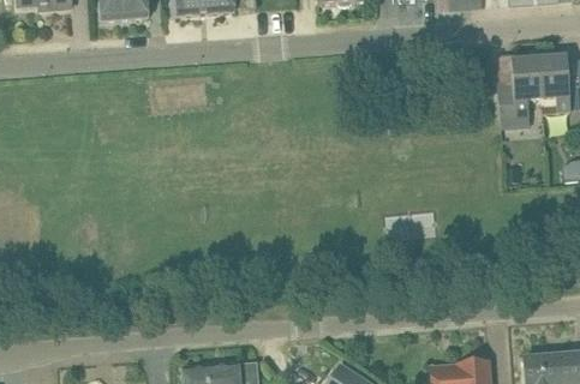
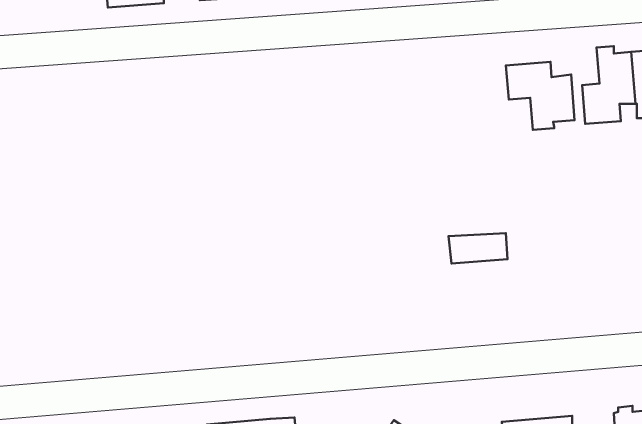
building: none -> [506,62,575,130]

